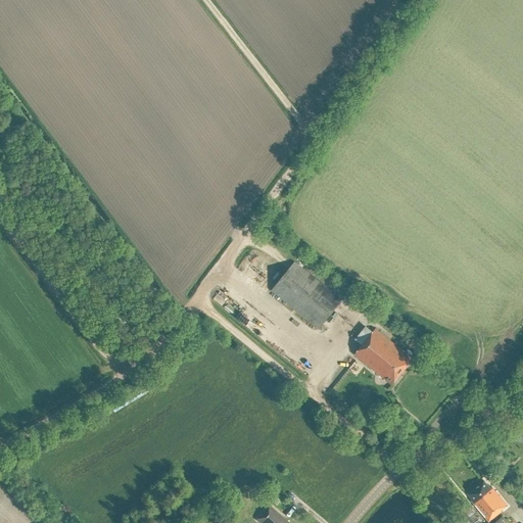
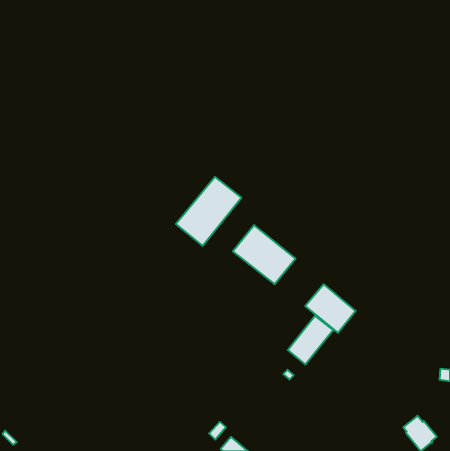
building: none -> [176,177,241,246]
building: none -> [288,316,333,364]

